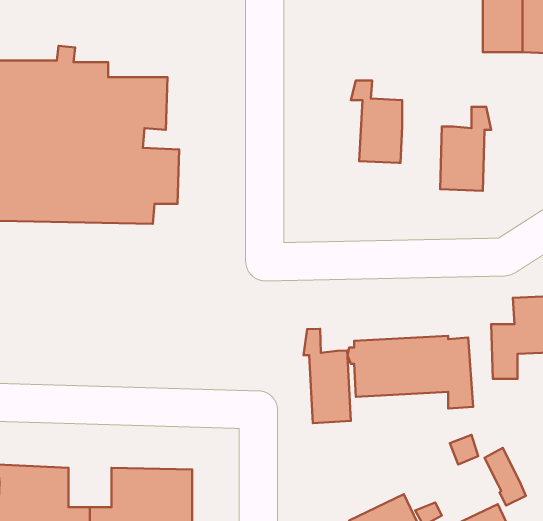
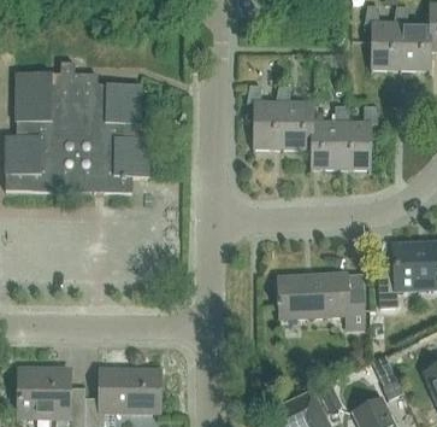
building: none -> [247,86,284,146]
building: none -> [311,105,350,166]
building: [303,329,351,423] -> none

